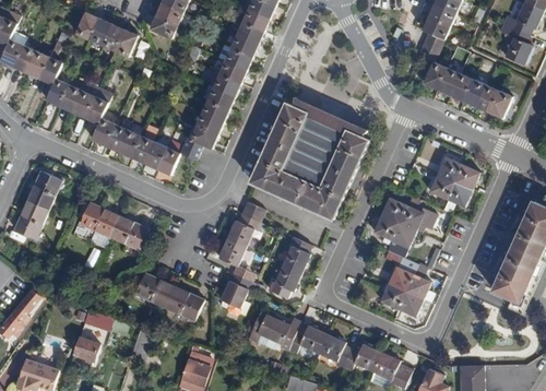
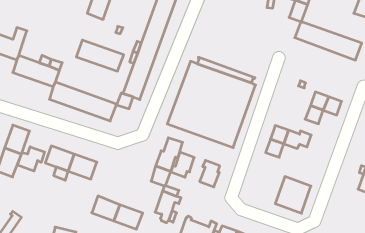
building: [75,11,139,56] -> [76,40,124,71]
building: [442,181,472,212] -> none
building: none -> [17,147,45,171]
building: [387,222,416,257] -> none
building: [269,263,301,297] -> [171,152,194,177]

